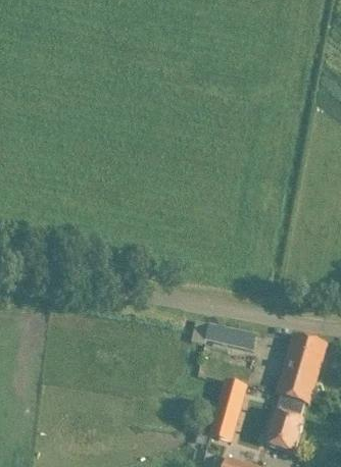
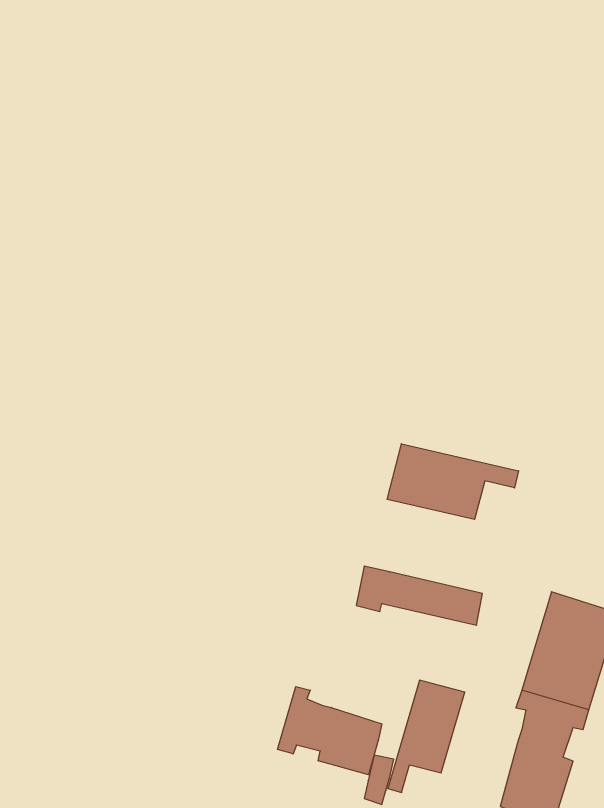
building: none -> [387,444,519,519]
building: none -> [277,687,382,775]

